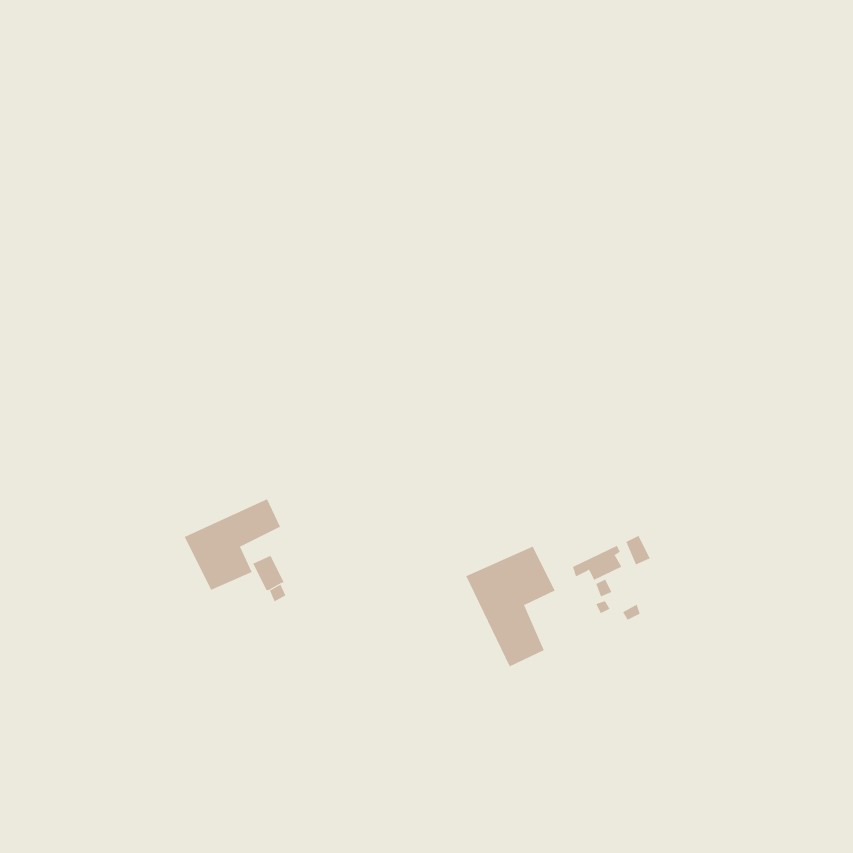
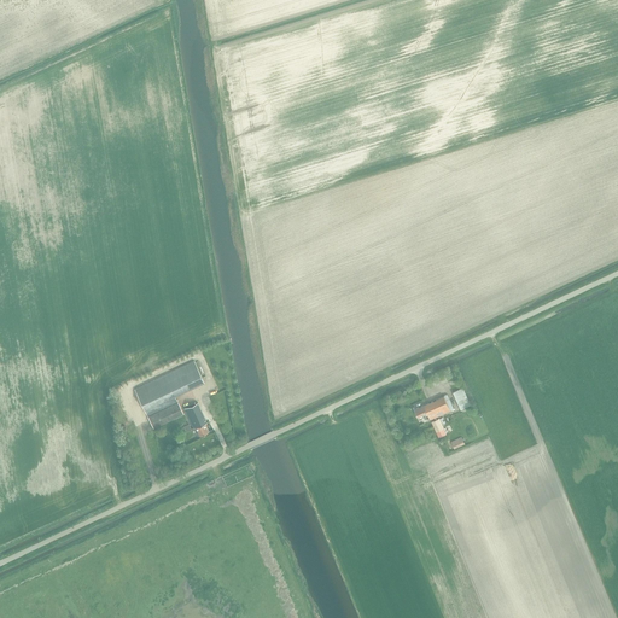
building: [466,546,556,667] -> none

